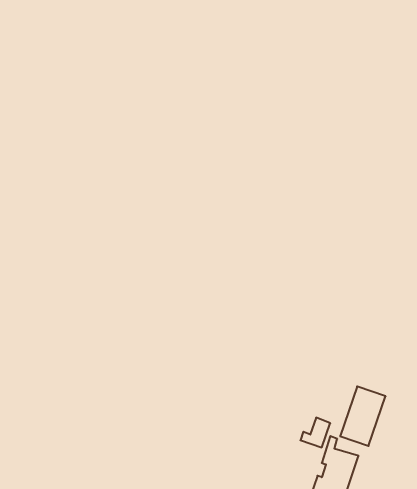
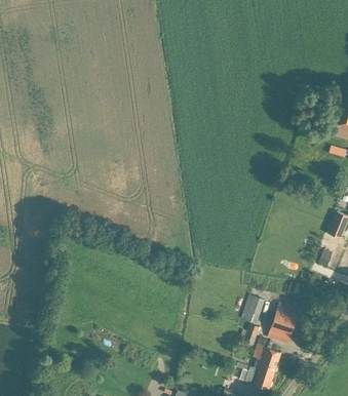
building: none -> [242,295,265,324]

